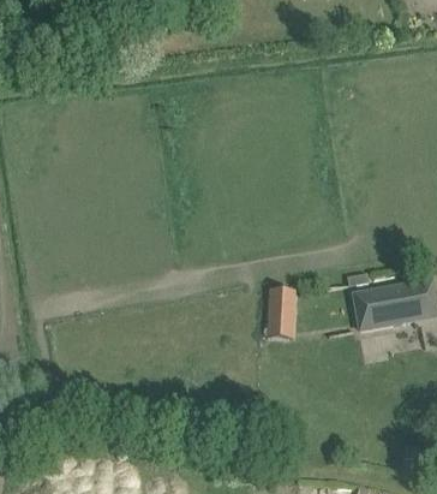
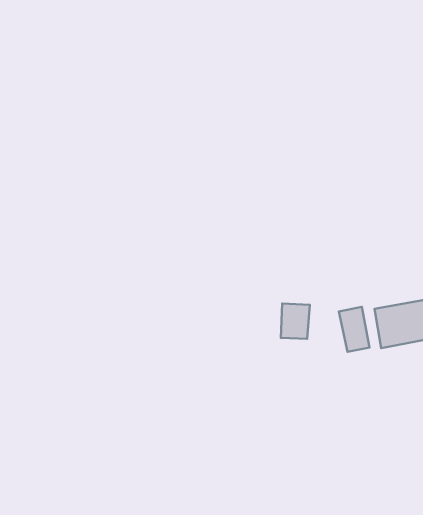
building: none -> [339,307,369,352]

